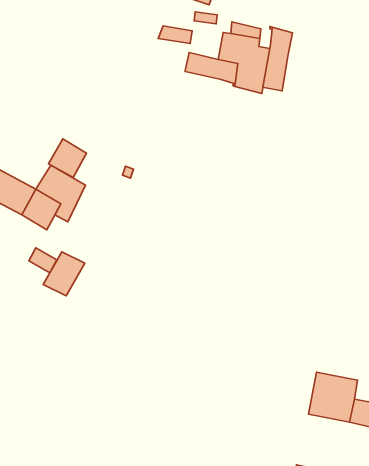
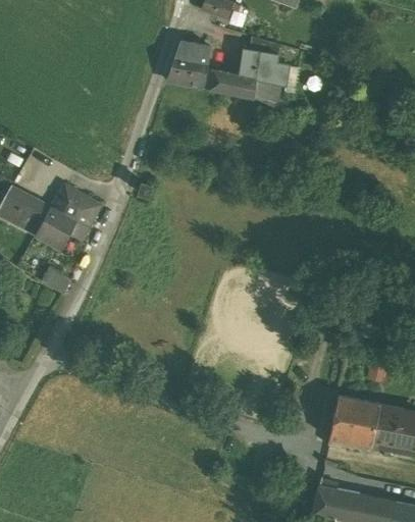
building: [263,26,292,91] -> none
building: none -> [165,53,207,86]
building: [49,139,87,177] -> none
building: [43,252,85,296] -> none

